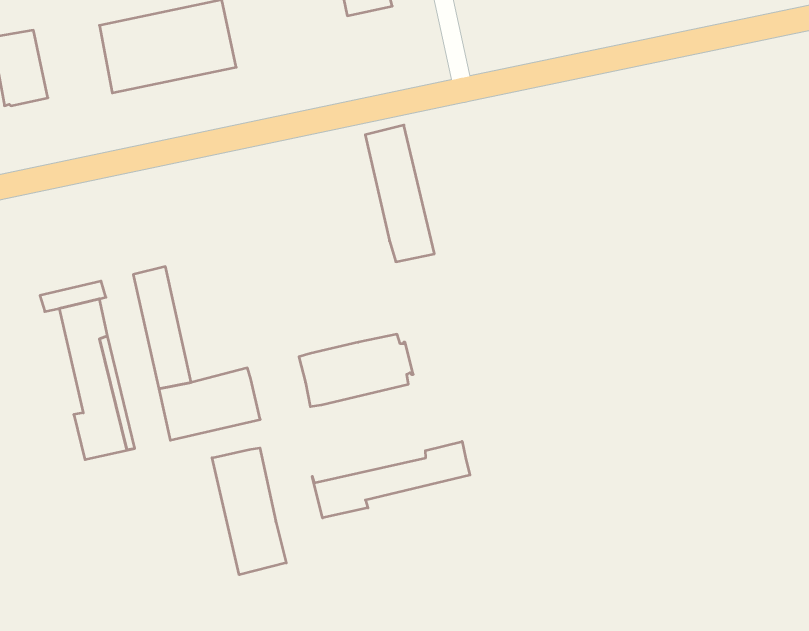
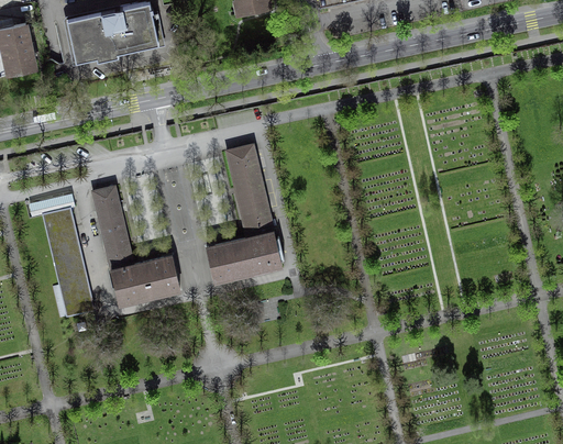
building: [365,125,434,262] -> [225,142,273,235]
building: [312,441,470,518] -> none
building: [212,448,286,575] -> none

